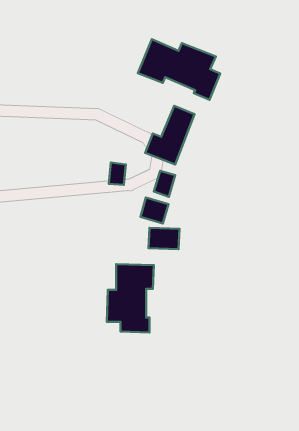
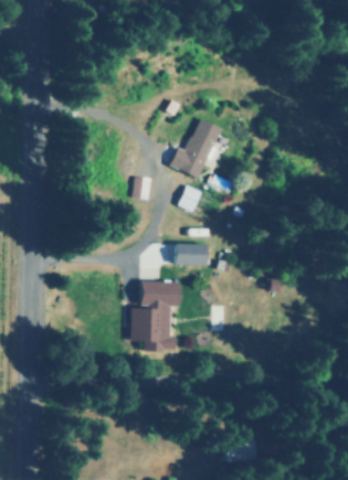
building: [138,39,220,100] -> none
building: [140,197,168,224] -> none

